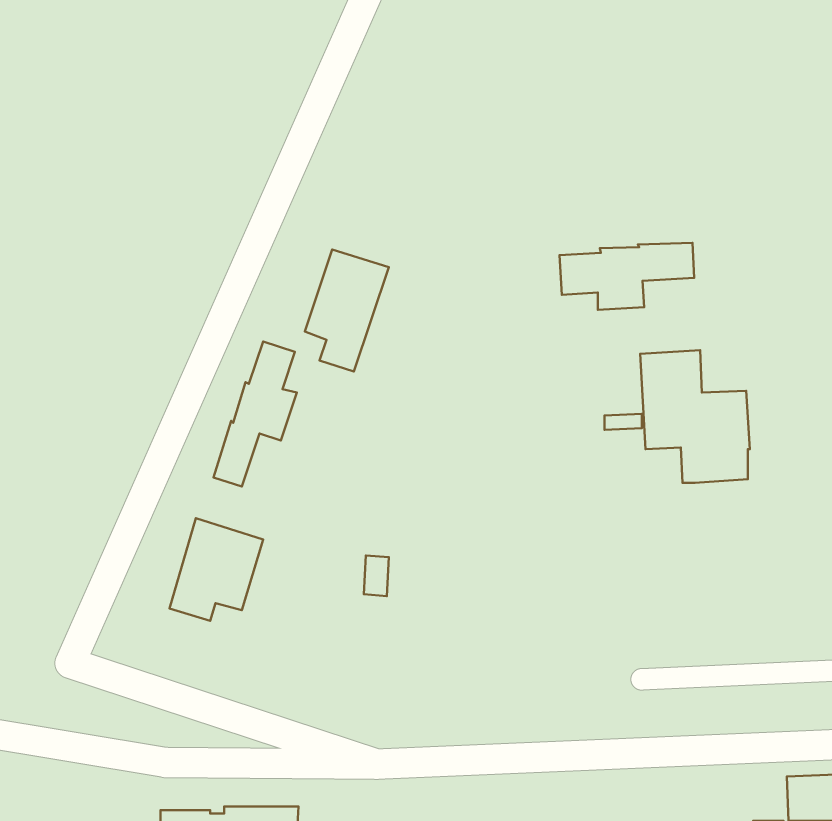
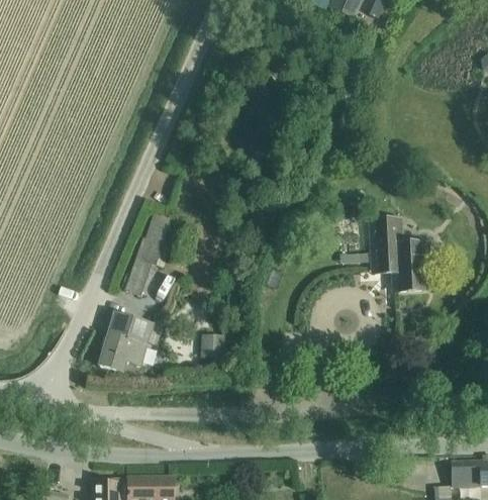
building: [560,243,694,310] -> none
building: [305,250,389,372] -> none

